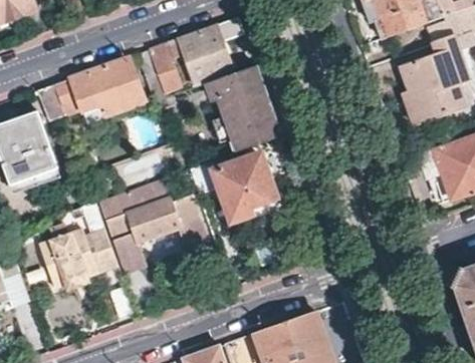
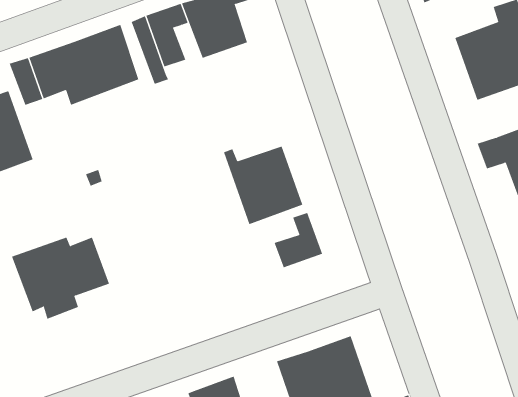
building: [199,65,280,153] -> none
building: [99,178,210,273] -> none
building: none -> [274,212,323,268]

